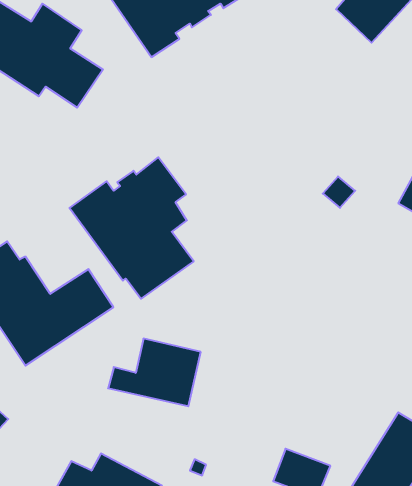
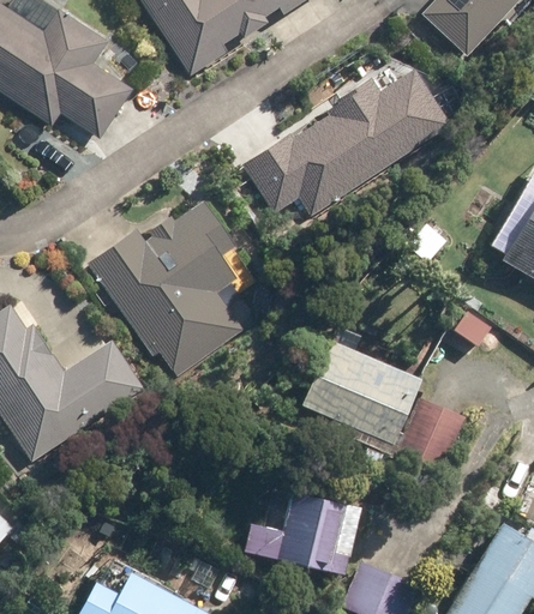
building: none -> [240,70,446,217]
building: none -> [301,341,420,443]
building: none -> [398,398,464,468]
building: [108,339,201,406] -> [245,489,361,574]

